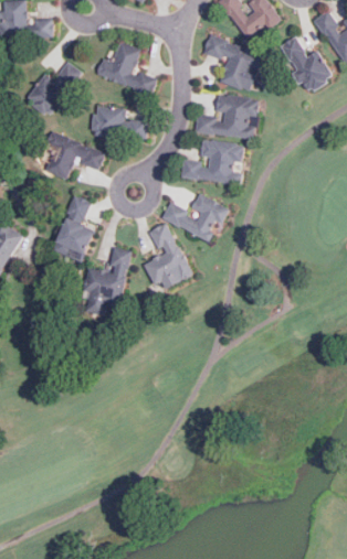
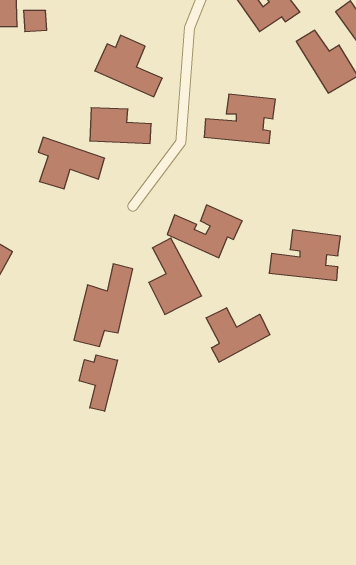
building: [201,33,264,93] -> none
building: [24,62,81,116] -> none
building: [180,139,244,184] -> [269,230,340,280]
building: [53,195,93,261] -> none
building: none -> [206,308,270,362]
building: none -> [79,355,118,411]

